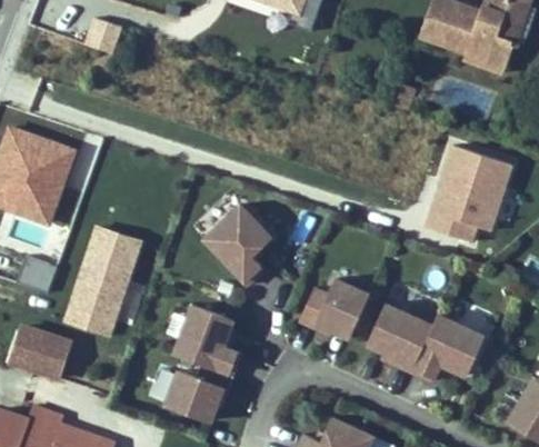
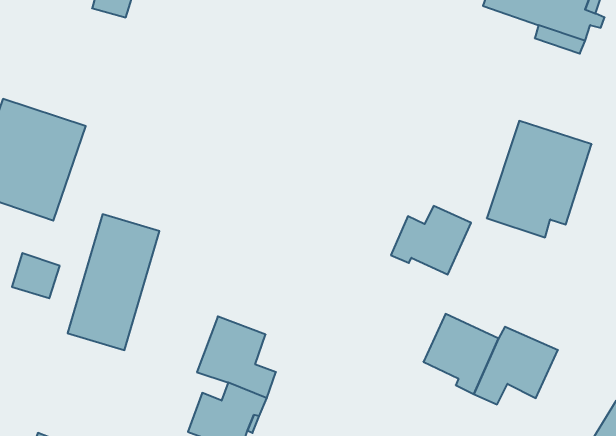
building: [203,205,270,285] -> none
building: [299,279,368,338] -> [391,206,471,275]
building: [11,330,70,381] -> none

